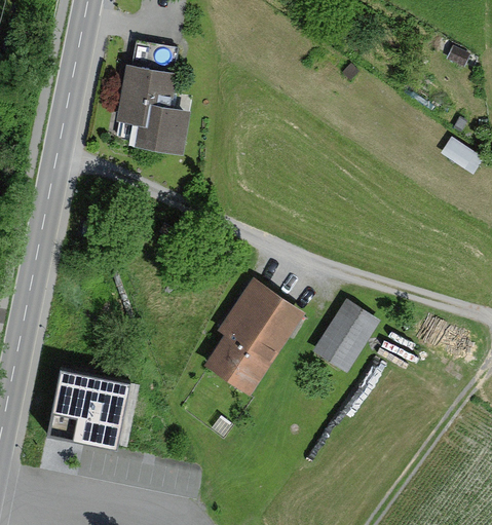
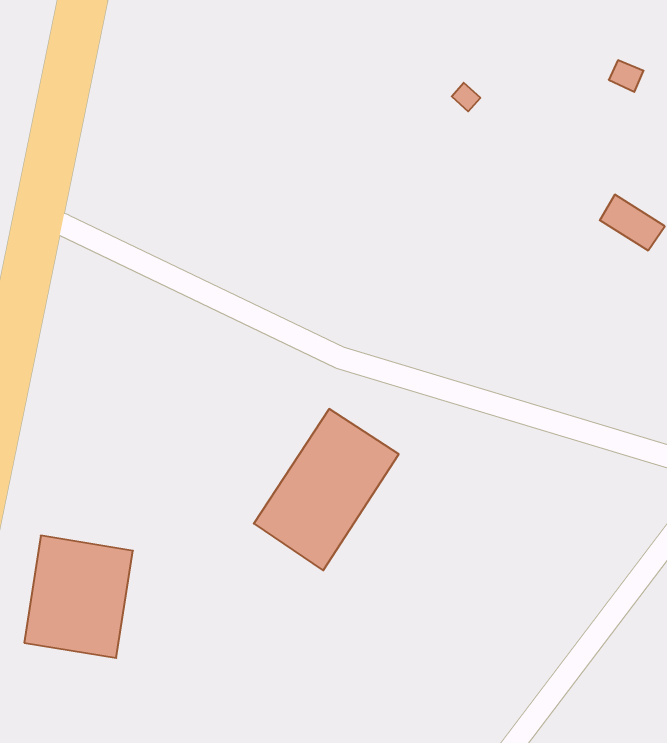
building: [119,65,188,151] -> none
building: [315,300,380,371] -> none

